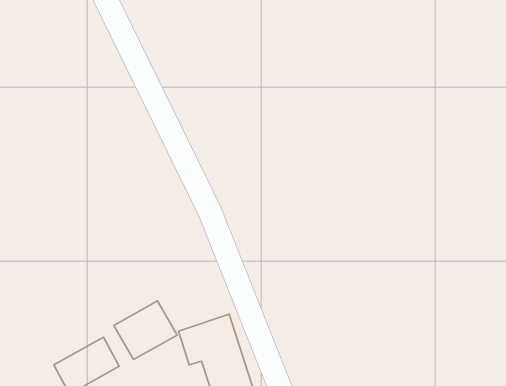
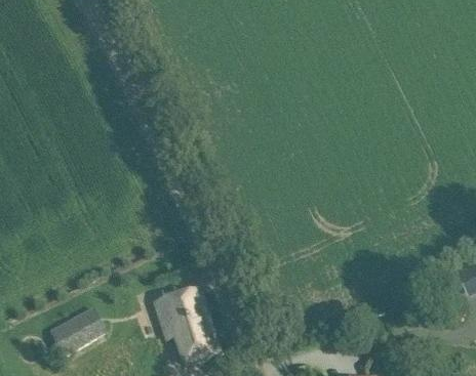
building: [114,301,177,360] -> none

